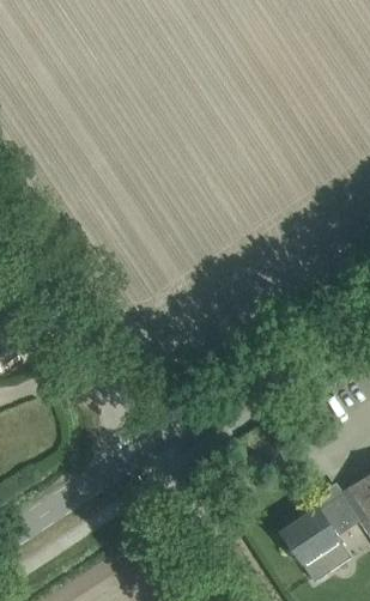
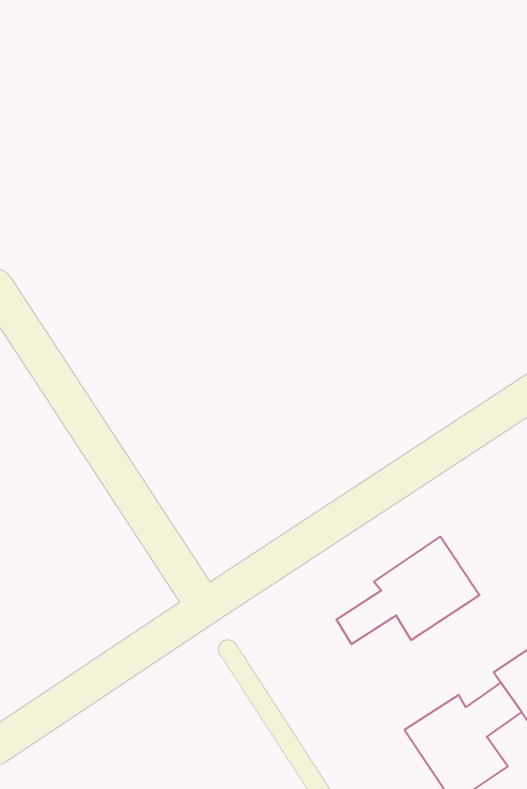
building: none -> [336,537,480,644]

